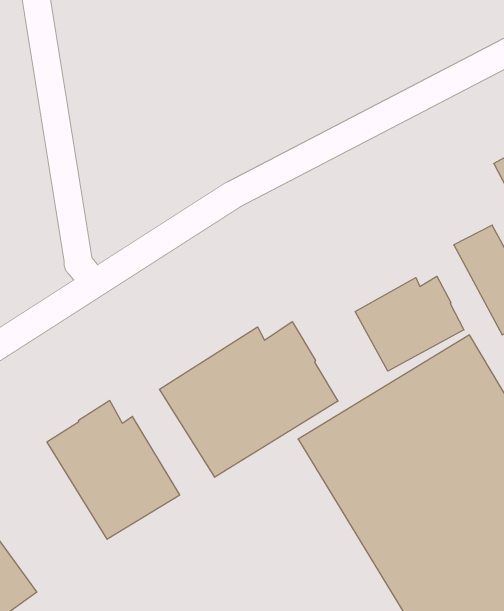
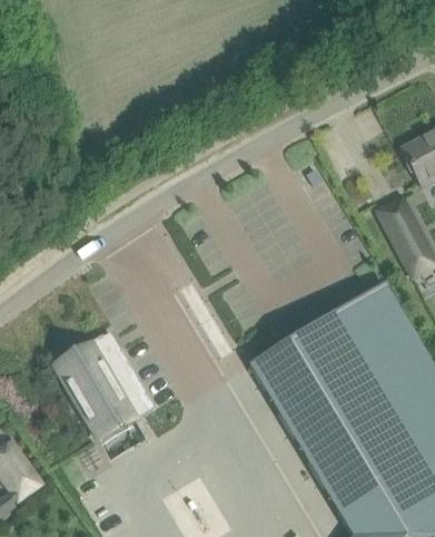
building: [355,276,464,371] -> none
building: [159,322,338,477] -> none

